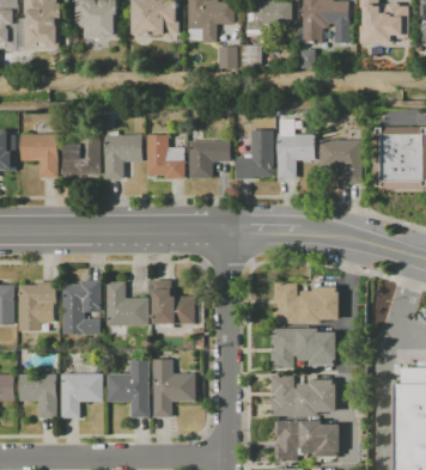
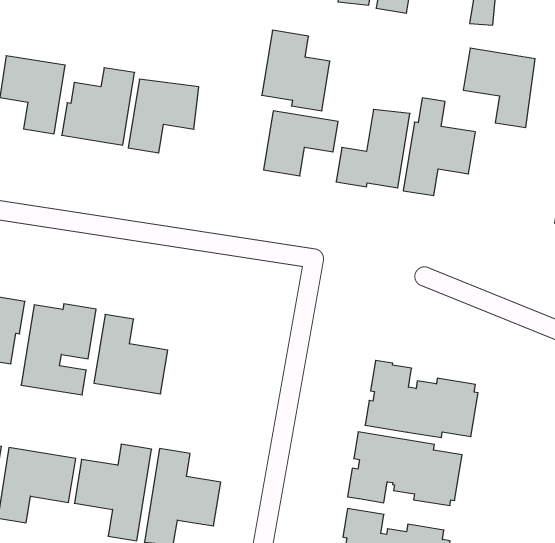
building: [146,134,184,178] -> [262,30,330,111]
building: [320,140,361,183] -> [463,48,535,128]
building: [152,280,194,323] -> none

